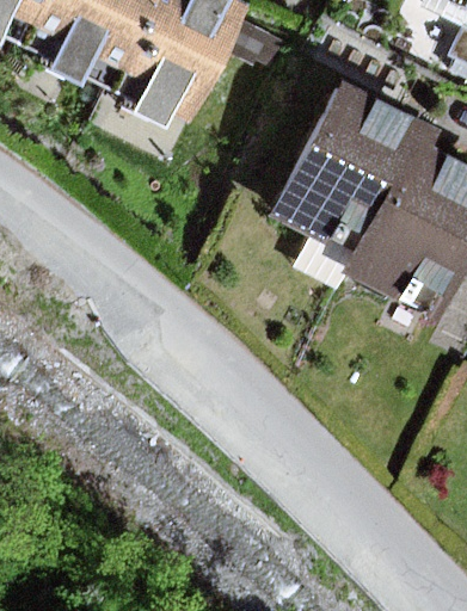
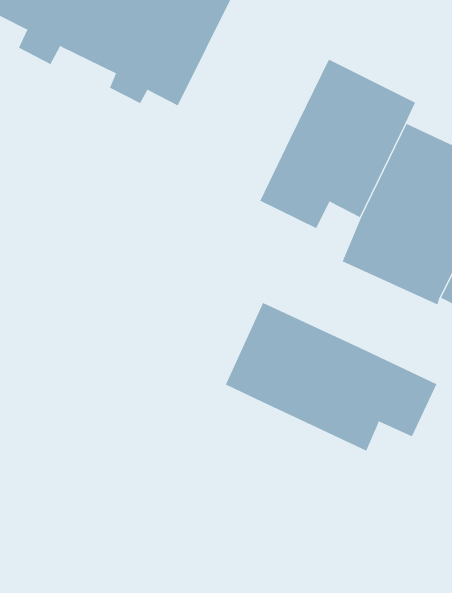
building: none -> [225,302,437,451]

